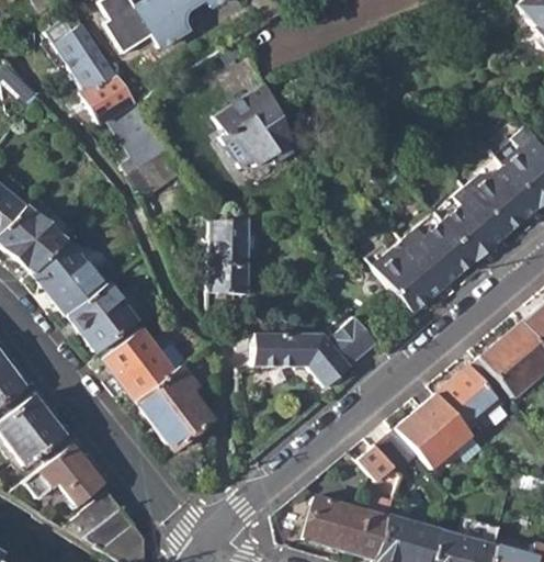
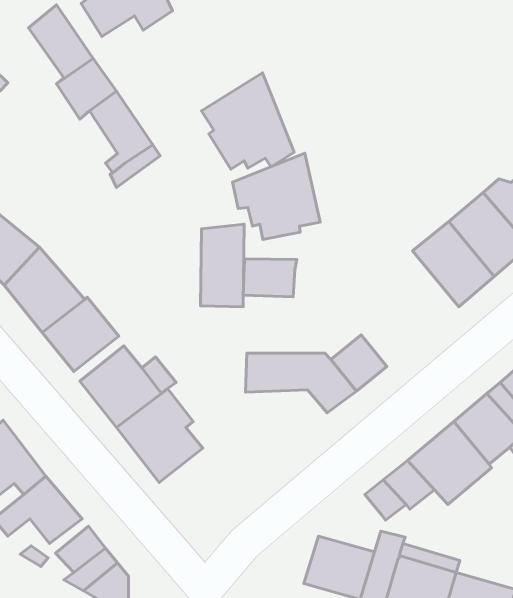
building: none -> [233,153,320,239]
building: [367,240,442,319] -> none
building: none -> [243,259,297,297]

